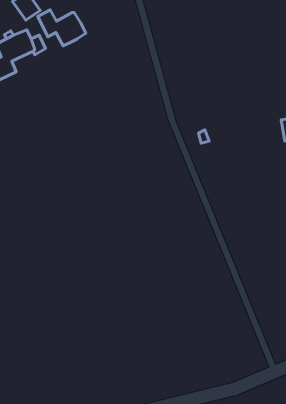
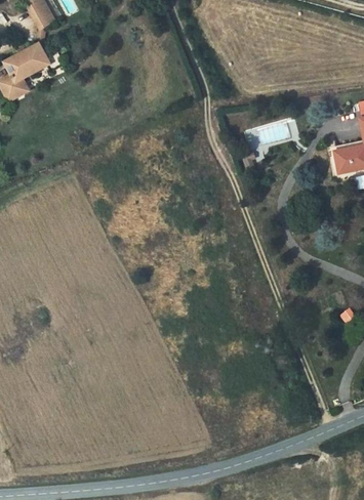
building: [38,10,86,46] -> none

